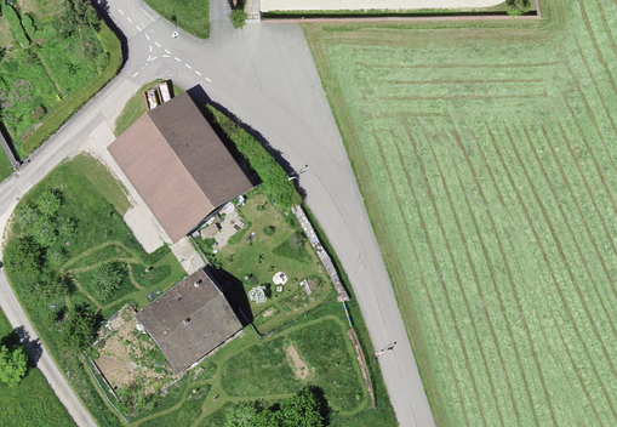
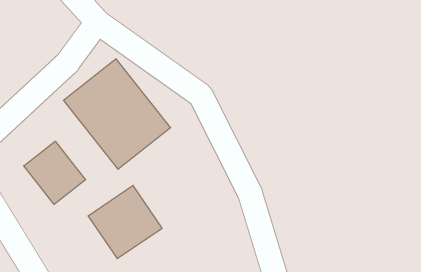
building: none -> [24,141,86,204]

